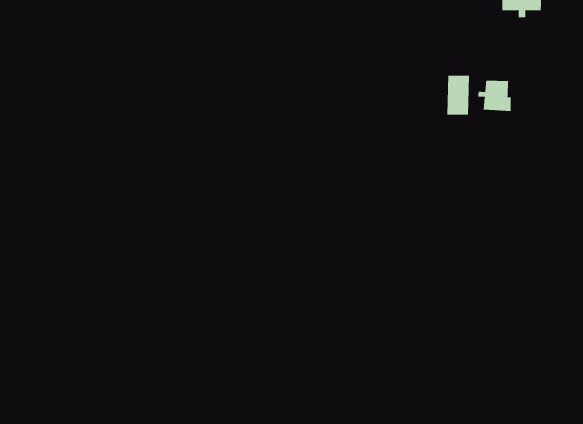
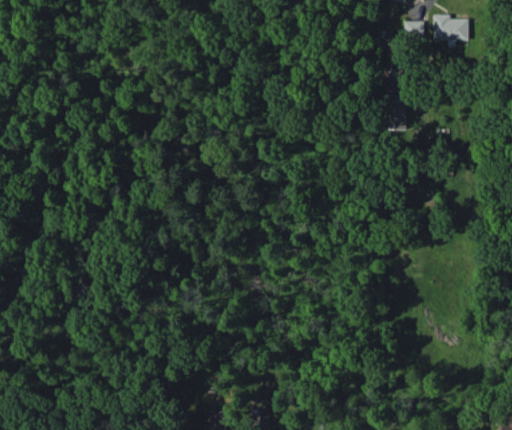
building: [478,80,511,112] -> none

